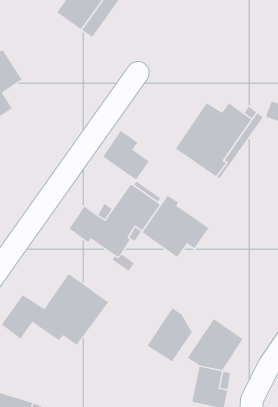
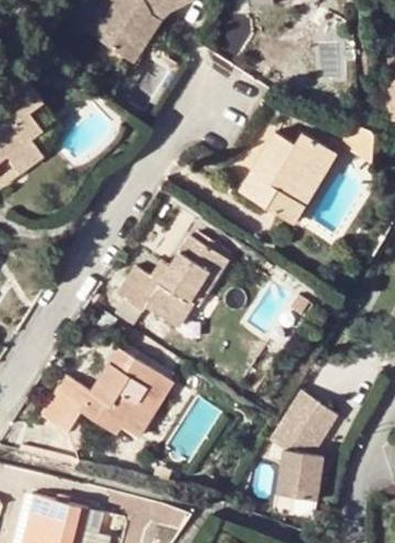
building: [102,130,150,181] -> none
building: [141,195,209,258] -> none
building: [146,307,193,362] -> none

